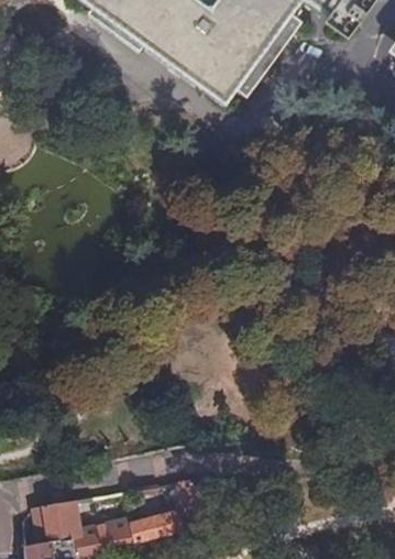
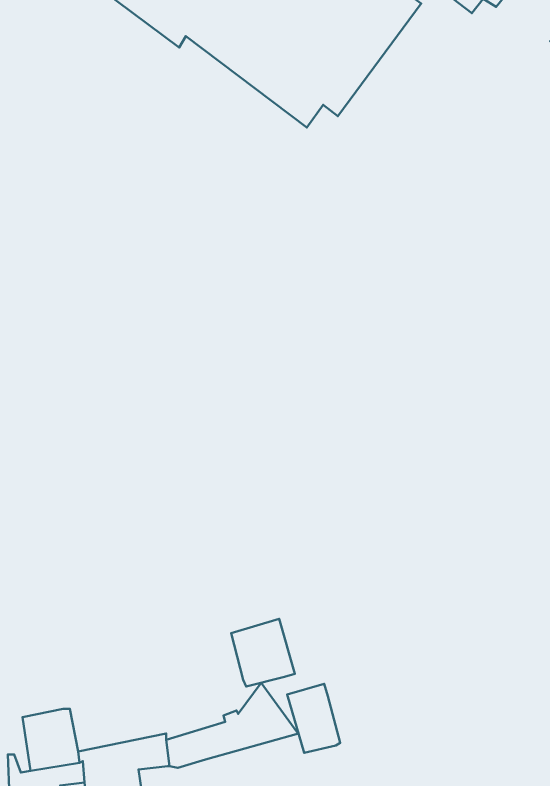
building: none -> [231,619,295,687]
building: none -> [287,684,340,753]

